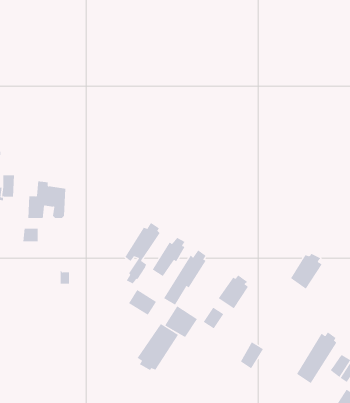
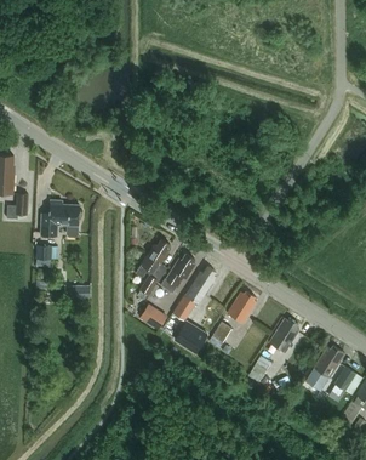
building: [290,253,322,289] -> [269,318,301,353]
building: [137,323,179,371] -> none

